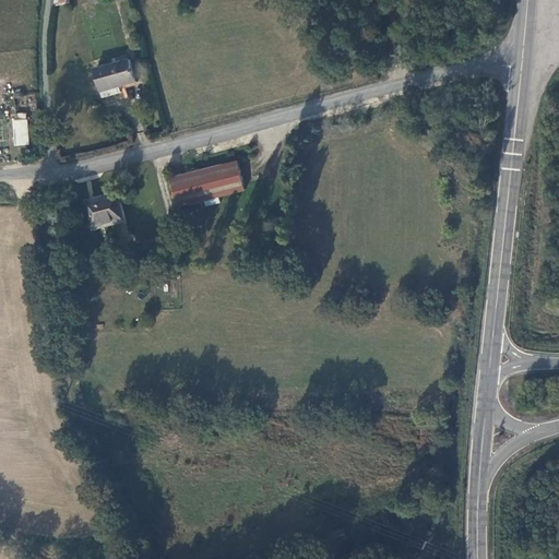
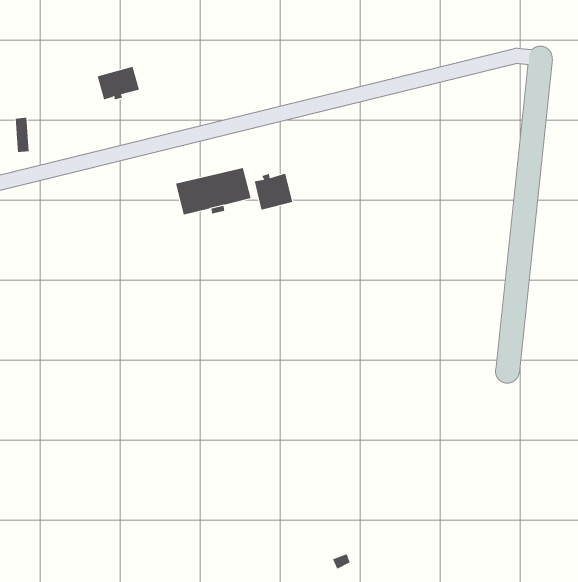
building: none -> [254,173,293,210]
building: [83,190,122,224] -> none

